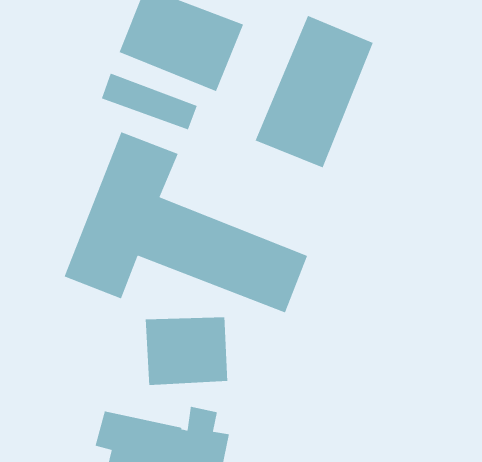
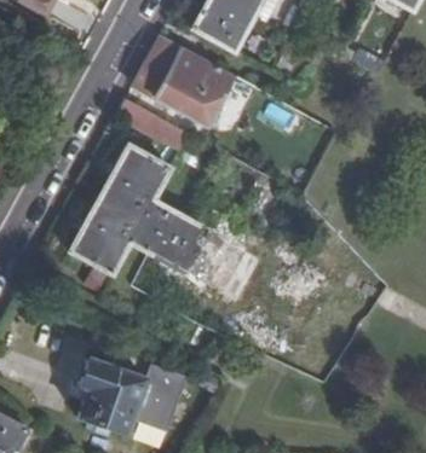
building: [254,15,374,168] -> none
building: [145,316,228,386] -> none

